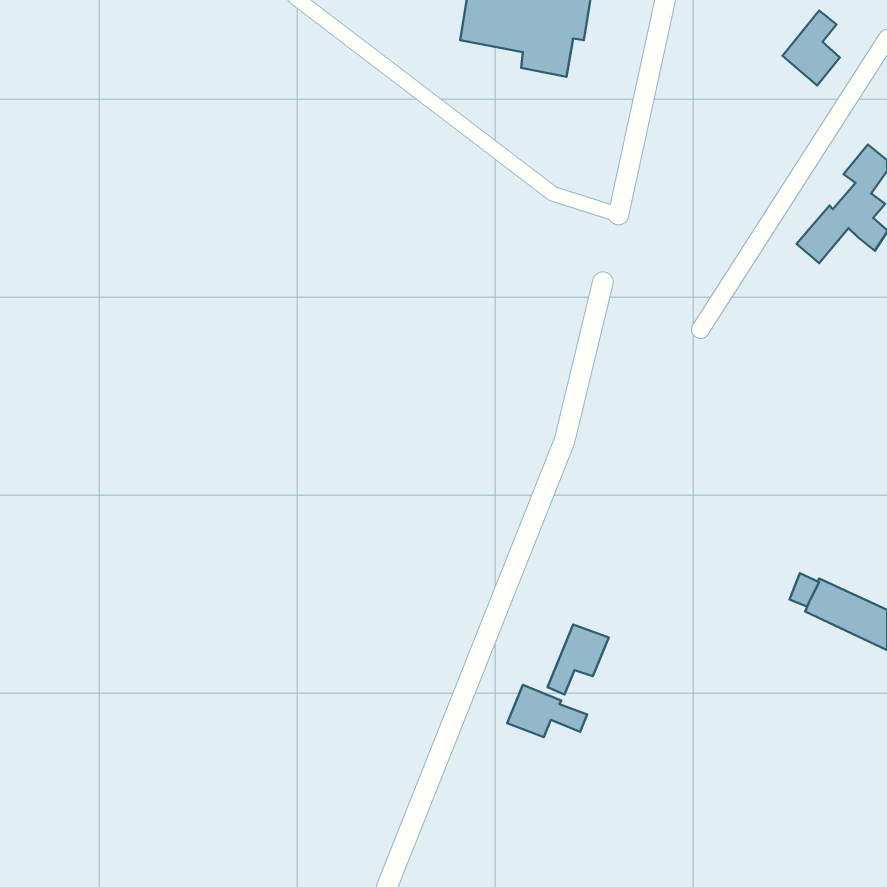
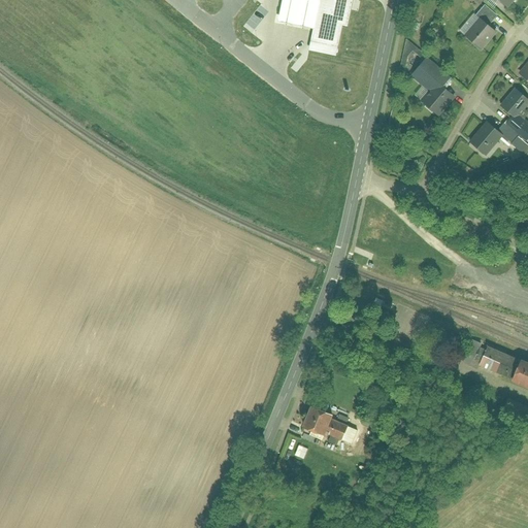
building: none -> [418,59,455,117]
building: [547,624,609,694] -> none

